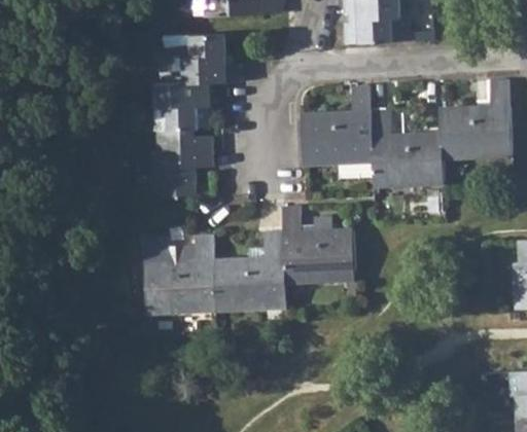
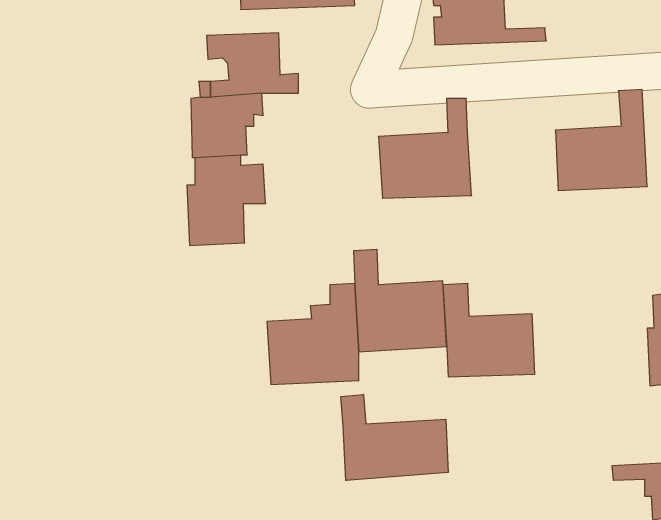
building: [372,111,444,184] -> [443,284,535,377]
building: [142,235,217,313] -> none
building: none -> [341,394,448,481]

